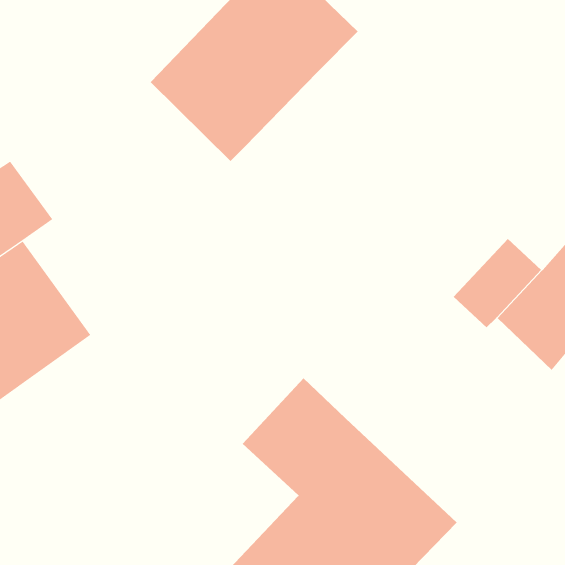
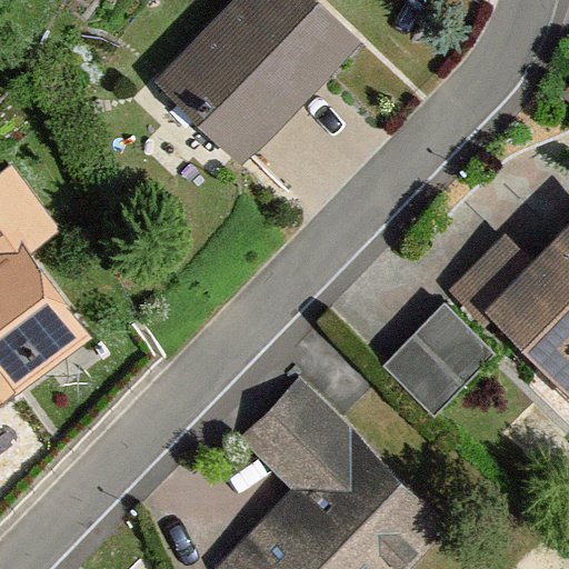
building: none -> [381,310,490,420]

